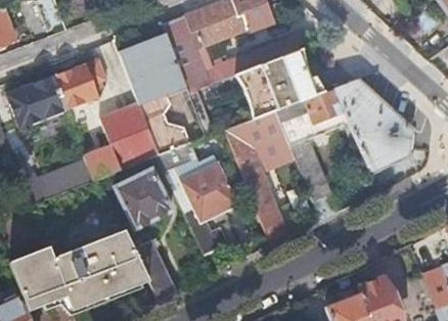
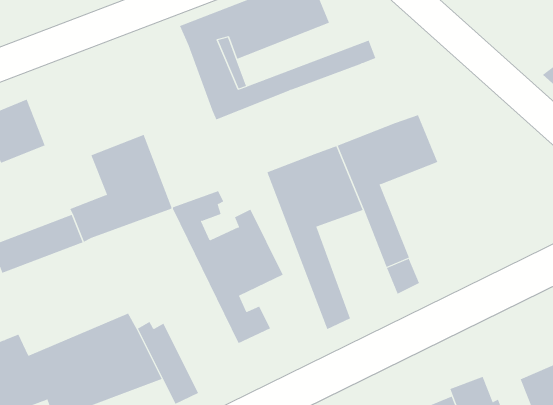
building: [119,37,193,154] -> none
building: [243,50,319,116] -> none
building: [52,57,107,109] -> none
building: [337,78,413,171] -> none
building: [116,169,173,227] -> none

